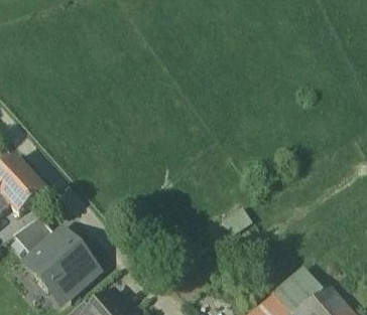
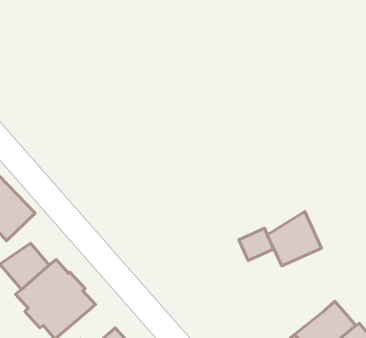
building: none -> [267,211,321,266]

